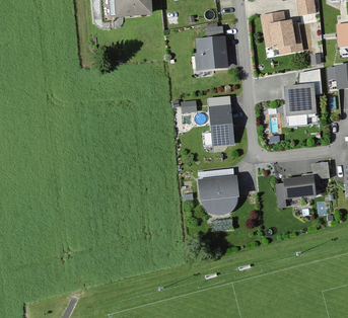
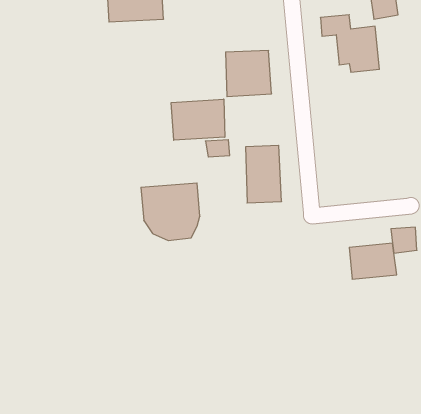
building: [279,70,321,117] -> none
building: none -> [171,99,225,140]
building: [195,174,236,215] -> [141,183,200,241]

